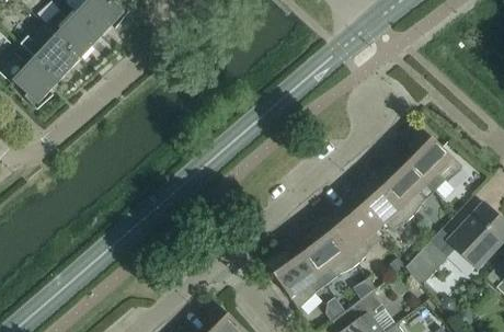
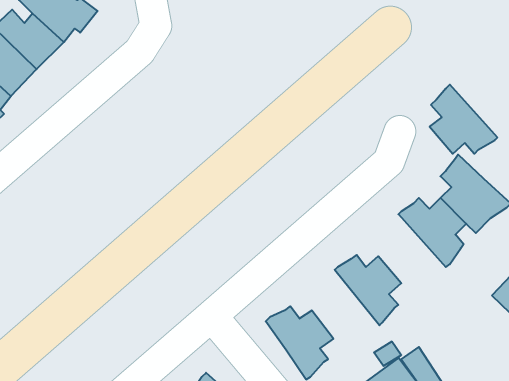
building: [355,175,410,231] -> [430,85,497,154]
building: [301,220,356,277] -> none
building: [404,242,446,287] -> none

